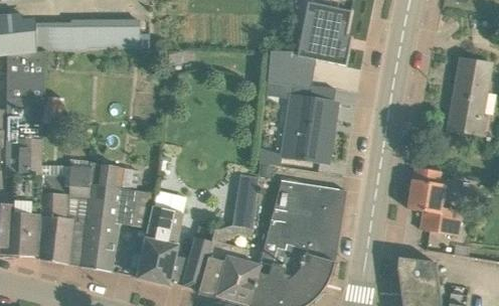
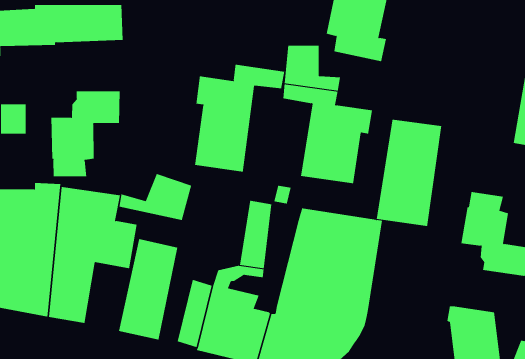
building: none -> [195,64,285,172]
building: none -> [51,90,120,177]
building: none -> [376,119,442,227]
building: none -> [119,173,192,221]

